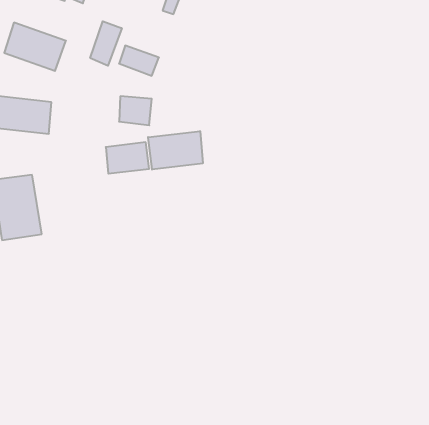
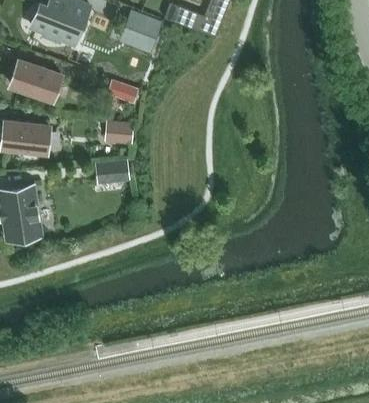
building: [90,21,122,66] -> none
building: [148,131,203,170] -> none

